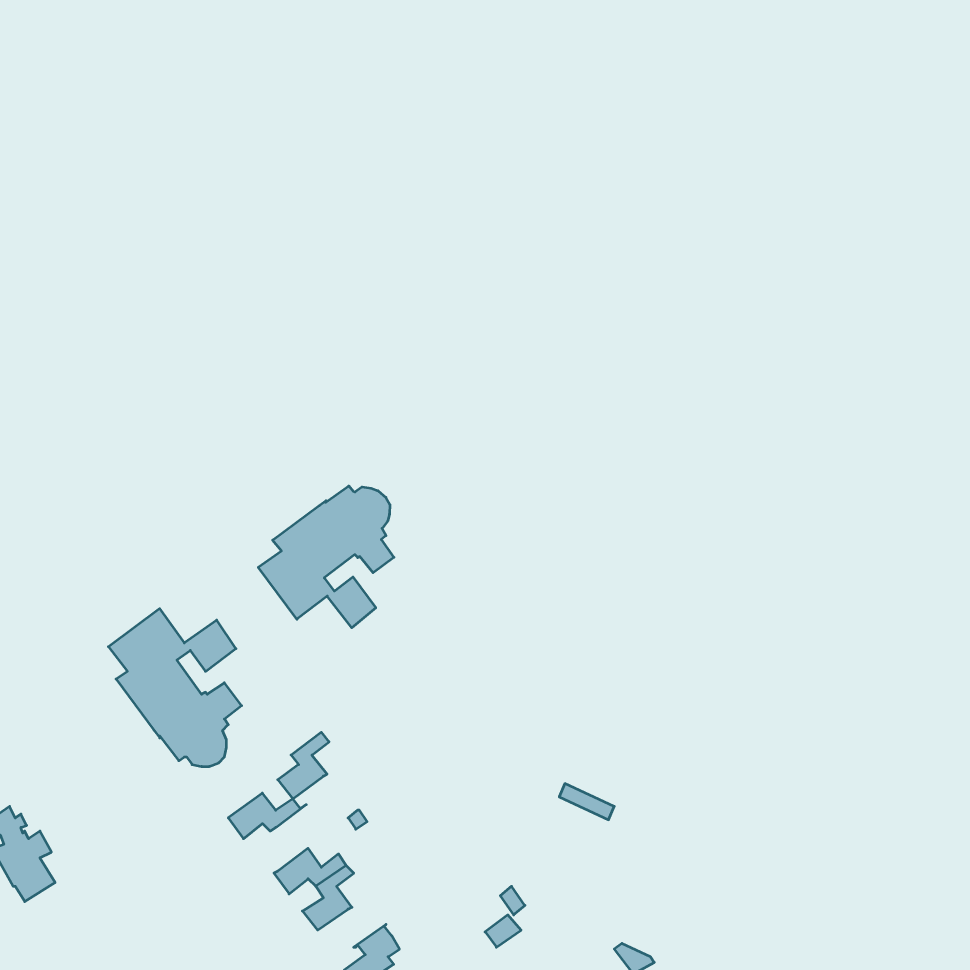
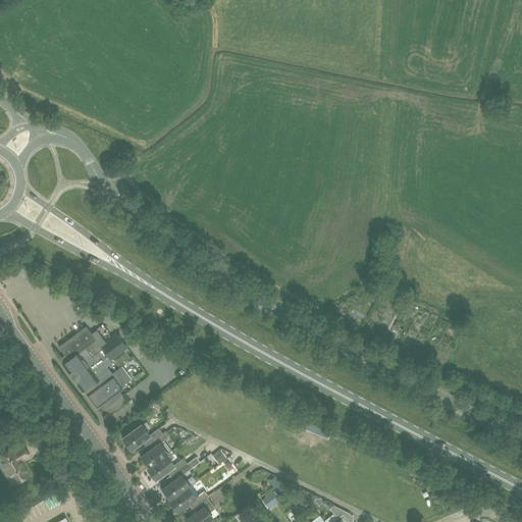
building: [258,486,394,628] -> none
building: [278,732,329,799] -> [141,432,168,468]
building: none -> [168,488,207,512]

